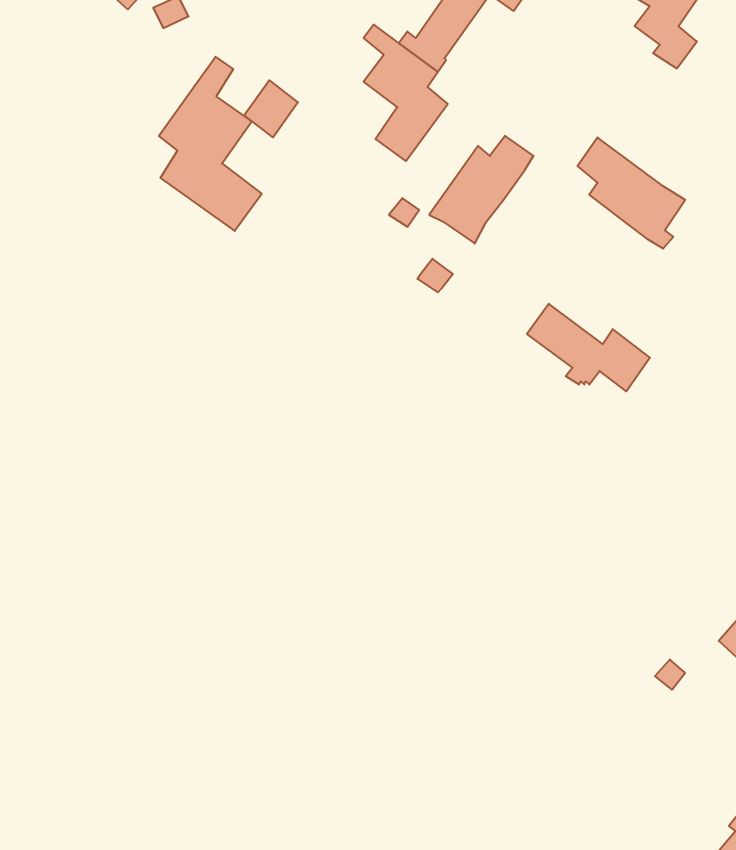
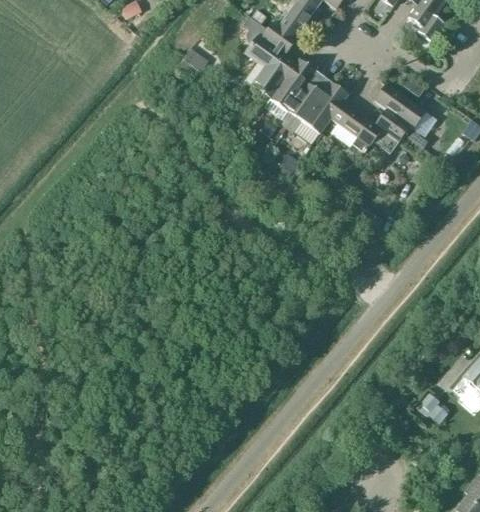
building: [159,57,262,231] -> none
building: none -> [265,58,316,128]
building: [527,304,650,391] -> [330,101,403,153]

